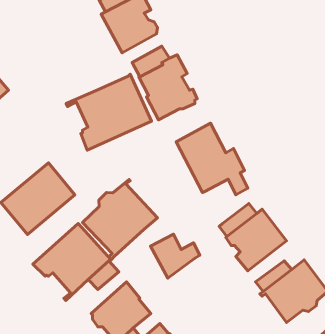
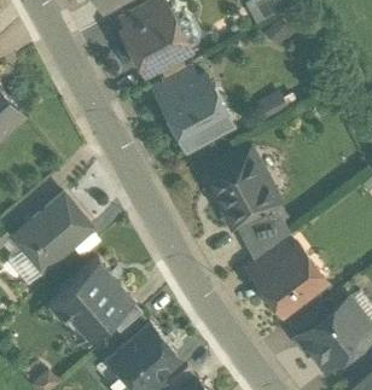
building: [66,74,151,150] -> none
building: [83,179,158,260] -> none
building: [150,234,200,278] -> [236,213,290,261]

